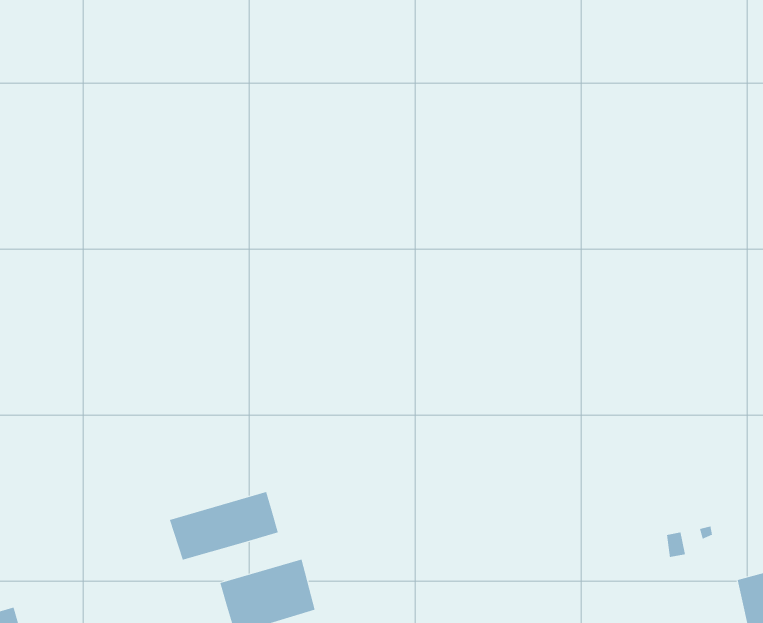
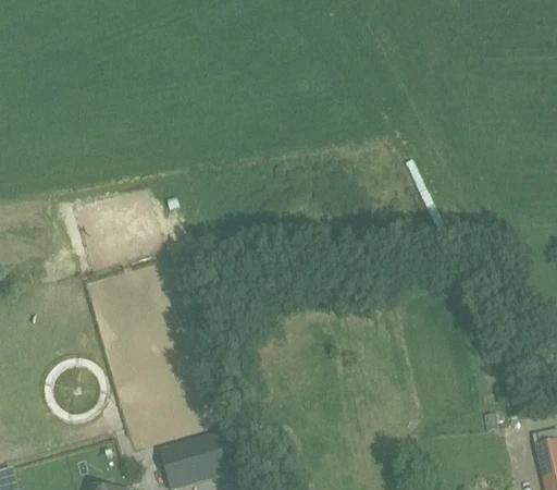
building: [169,491,278,560] -> none

